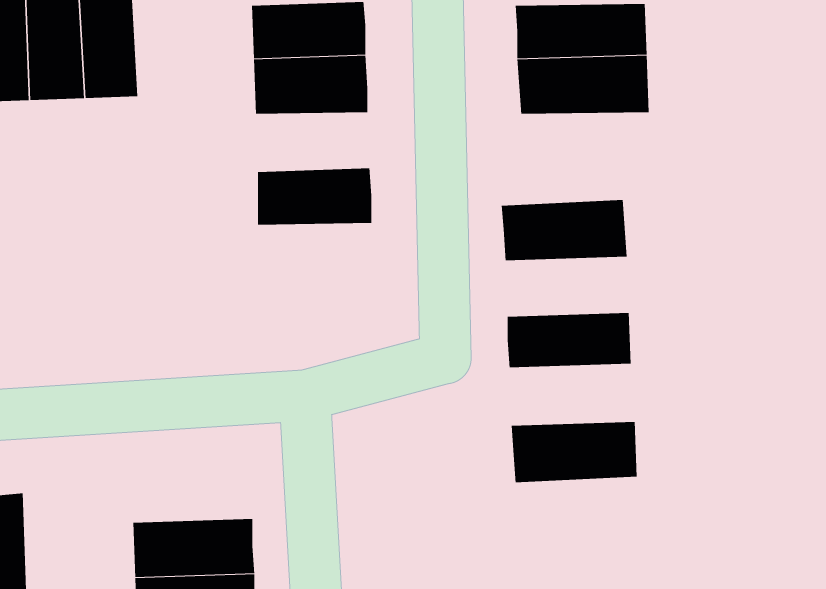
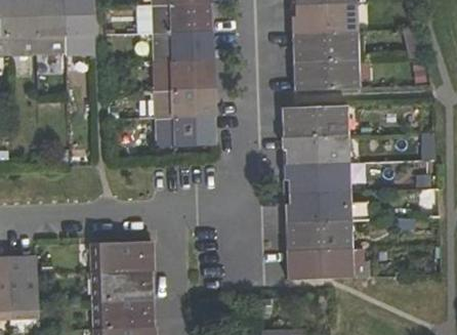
building: none -> [155,59,214,90]
building: none -> [292,59,360,87]
building: none -> [156,117,216,145]
building: none -> [284,134,348,165]
building: none -> [286,190,351,221]
building: none -> [90,243,154,271]
building: none -> [289,248,354,278]

